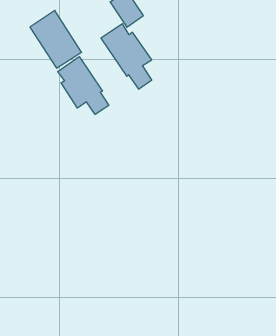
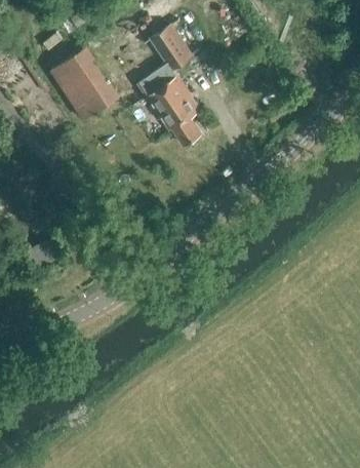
building: [58,57,109,114] -> none

